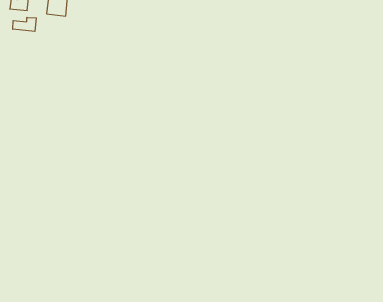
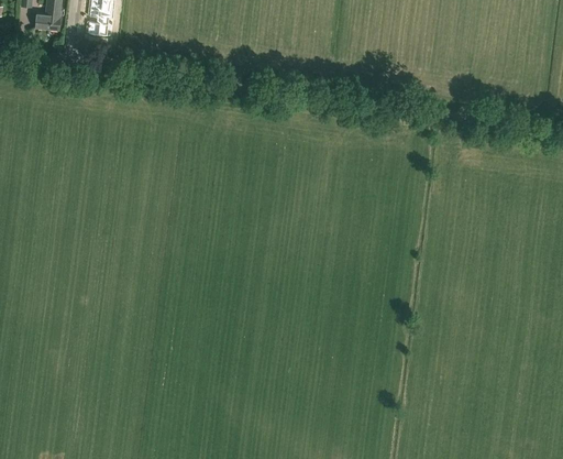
building: [13,17,36,31] -> none

